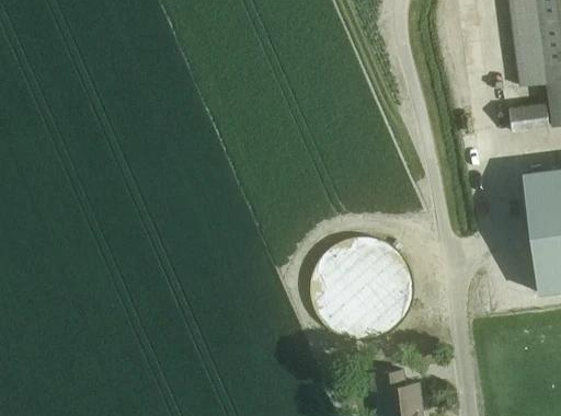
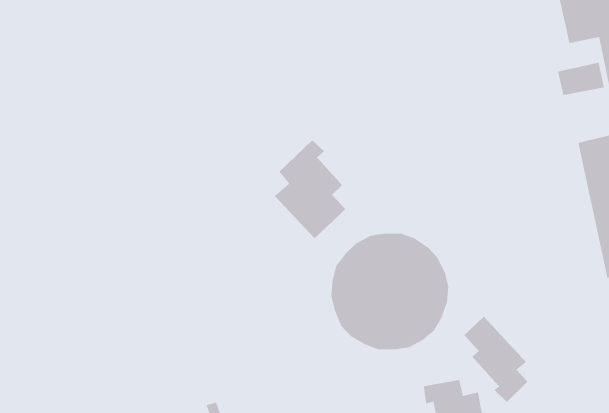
building: none -> [274,139,346,239]
building: none -> [464,316,528,403]

